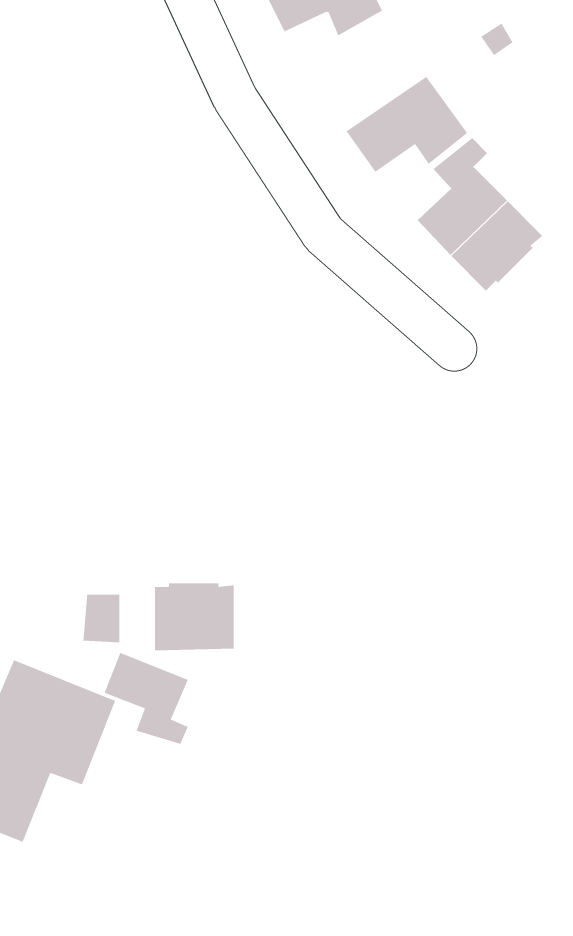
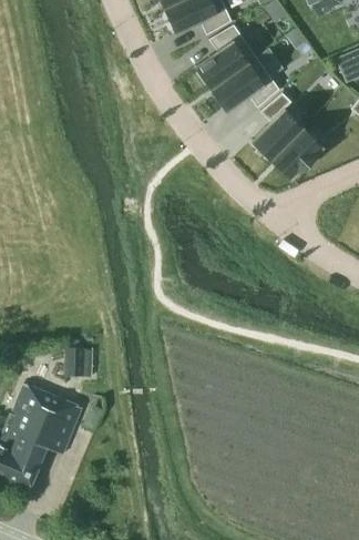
building: none -> [195,23,256,88]
building: [154,583,235,651] -> none
building: [104,652,189,745] -> none

